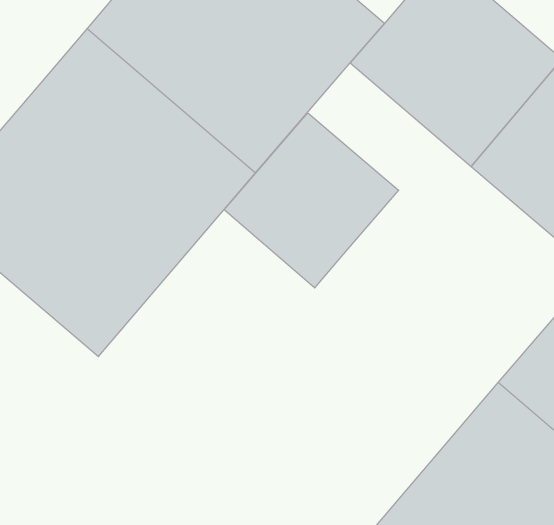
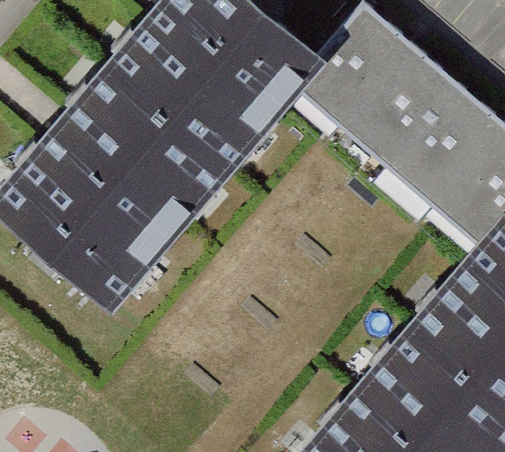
building: [224,113,399,288] -> none

